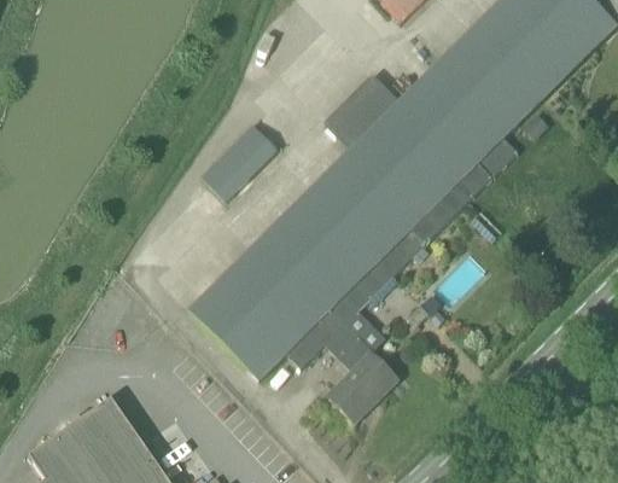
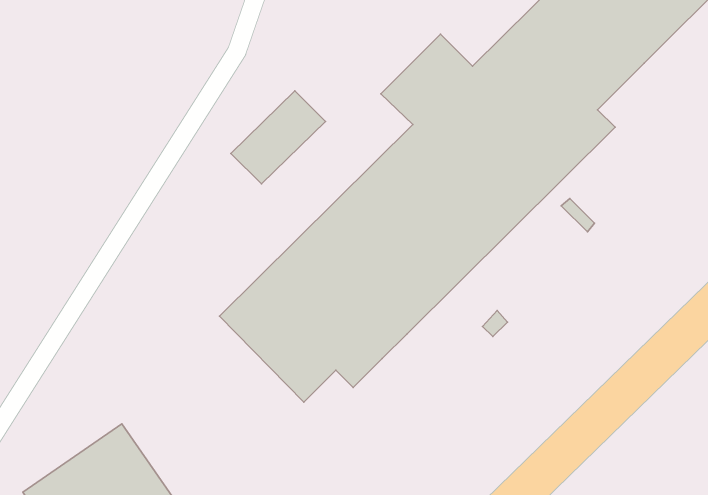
building: [326,322,400,420] -> none

